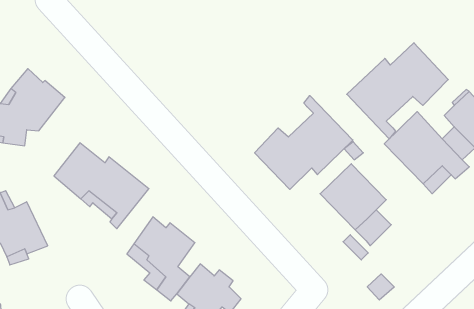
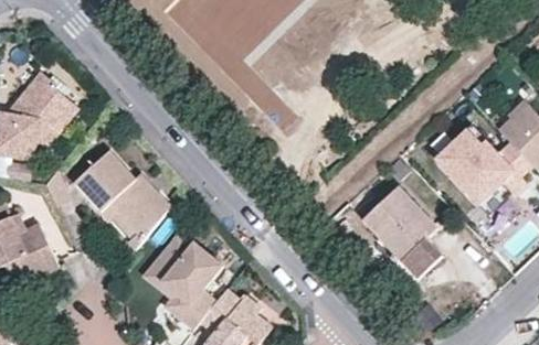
building: [347,43,448,139] -> none
building: [255,96,353,189] -> none

